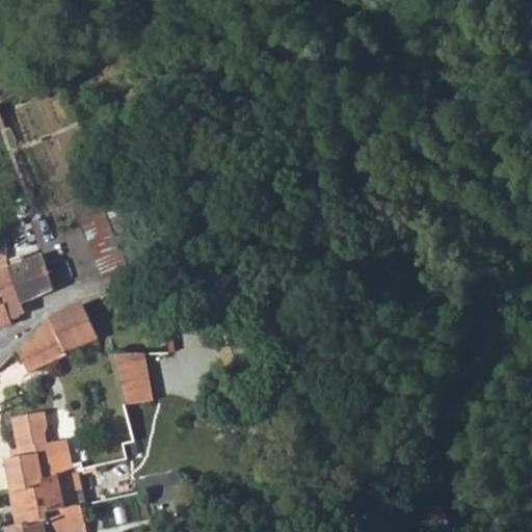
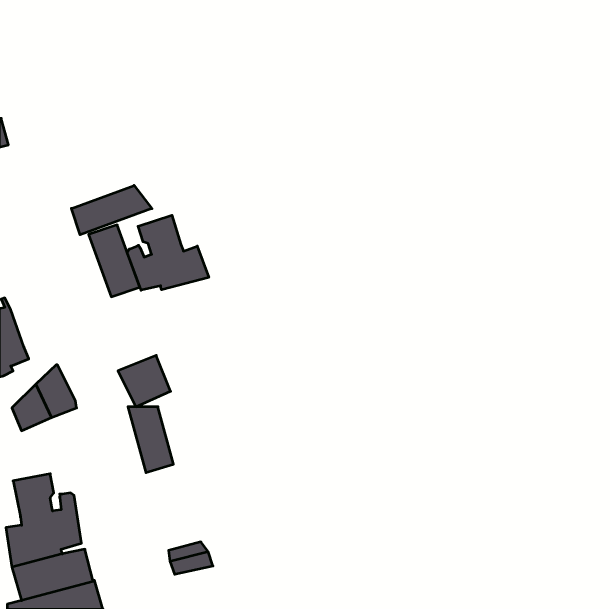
building: none -> [71,185,152,235]
building: none -> [127,215,209,290]
building: [9,257,54,301] -> none
building: [50,303,96,348] -> [118,355,171,407]

